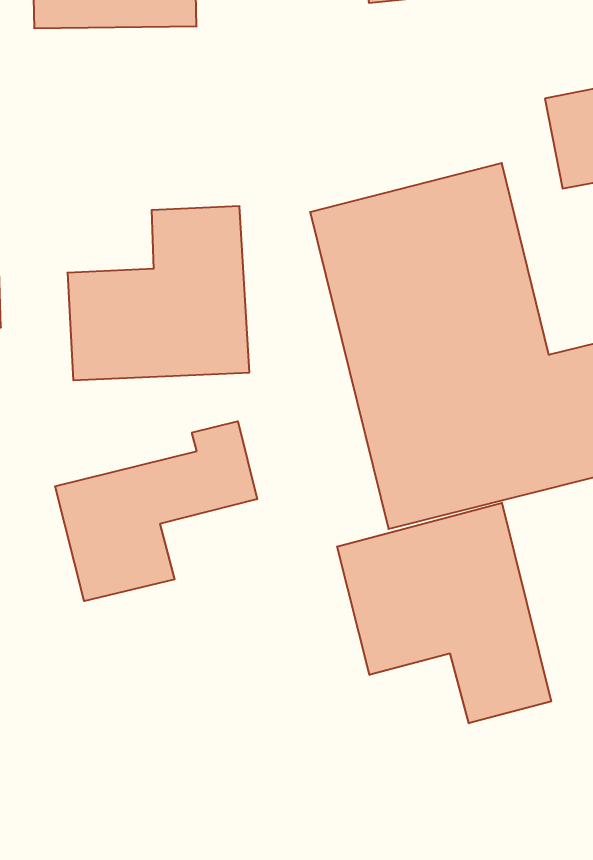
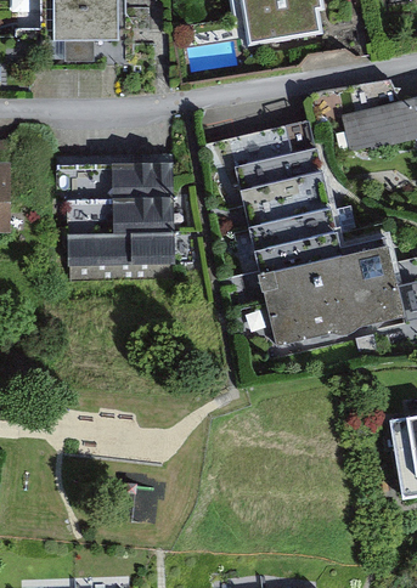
building: [55,421,257,601] -> none
building: [337,503,551,723] -> none

